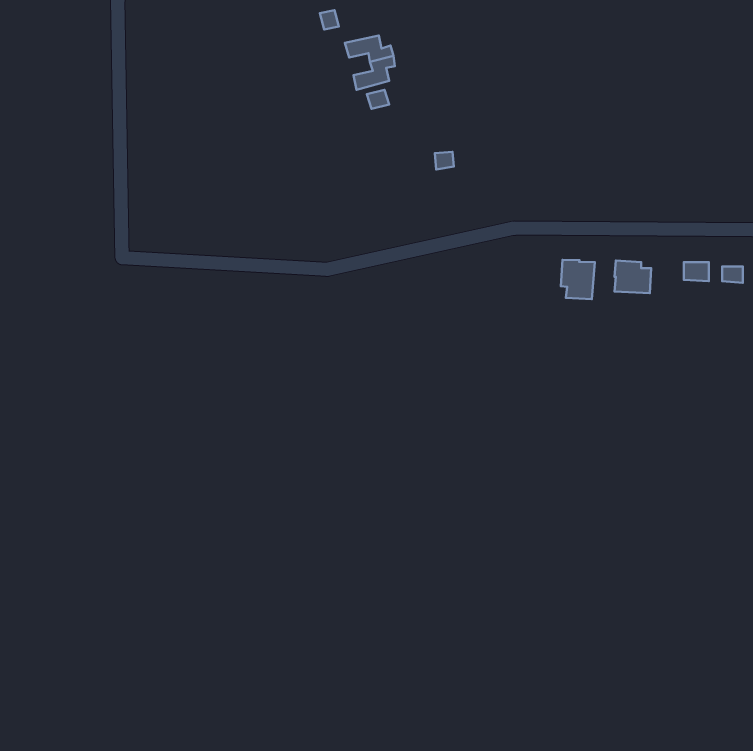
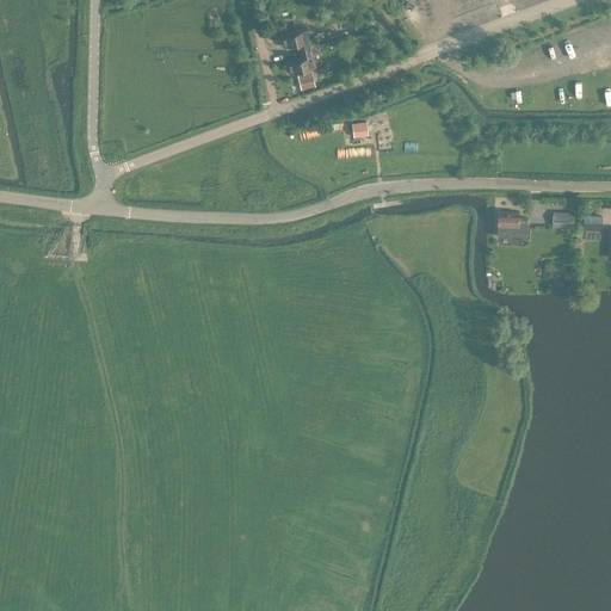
building: [561,260,595,299] -> none

